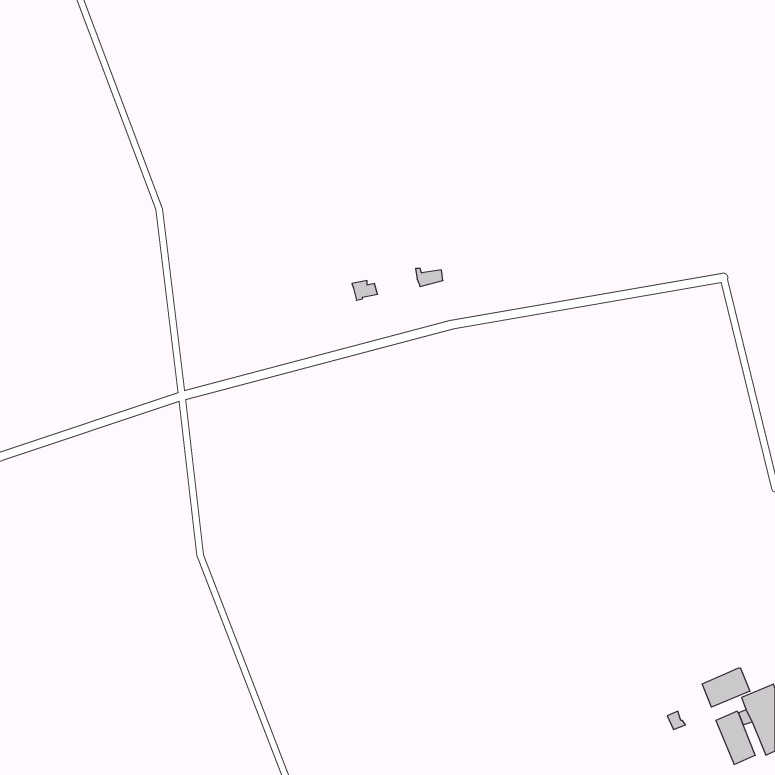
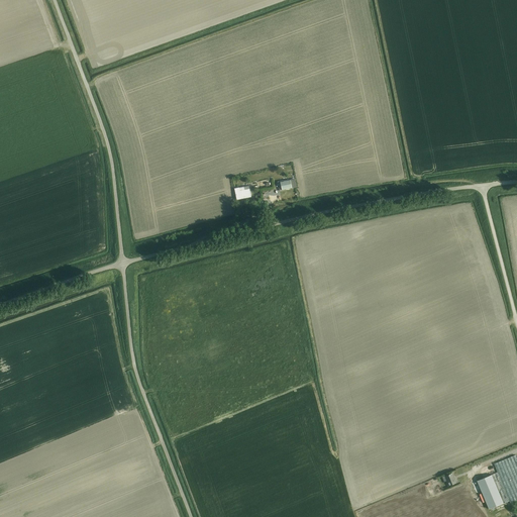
building: [702,668,750,707] -> none

